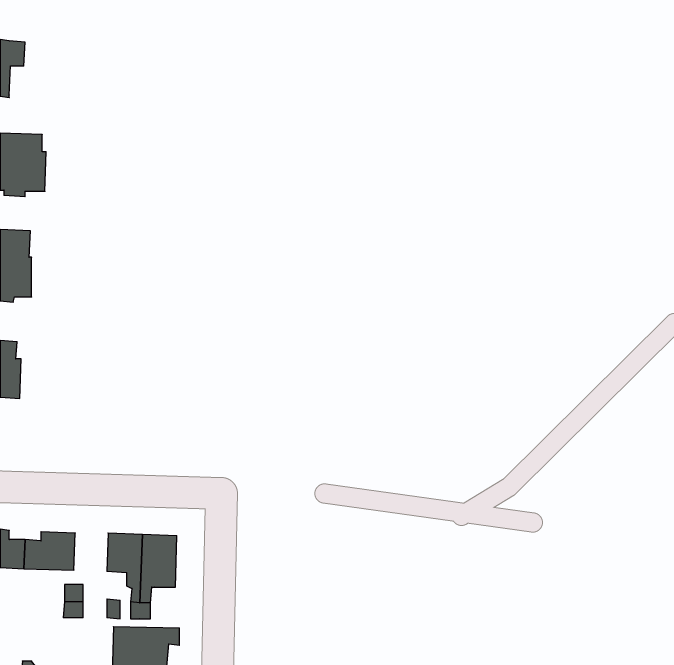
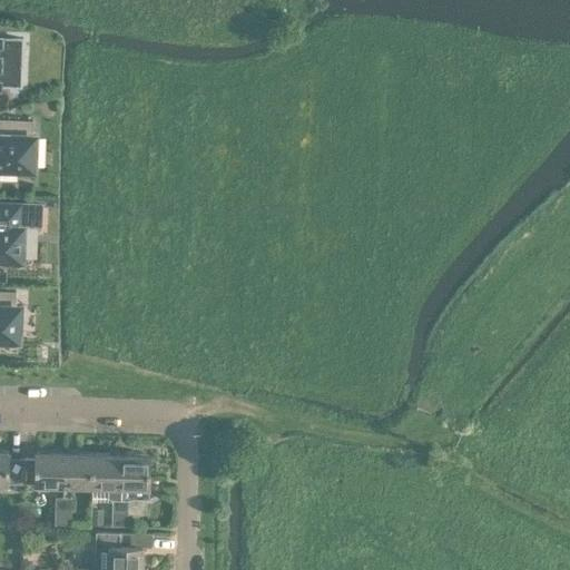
building: none -> [62,458,91,490]

